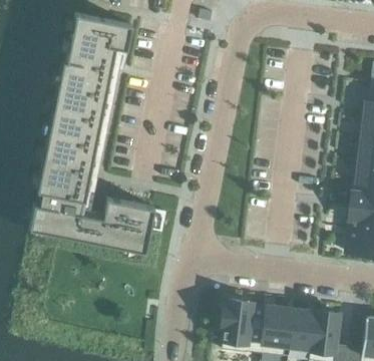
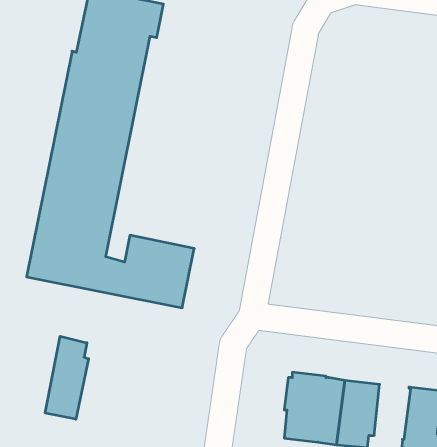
building: none -> [45,336,89,419]
building: [289,308,316,349] -> none

